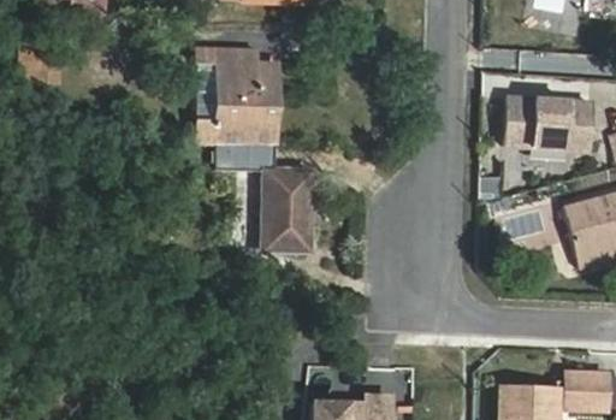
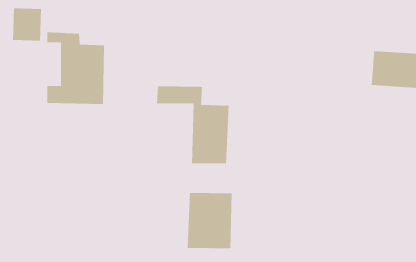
building: [199,47,277,146] -> [47,31,105,105]
building: none -> [187,192,232,249]

